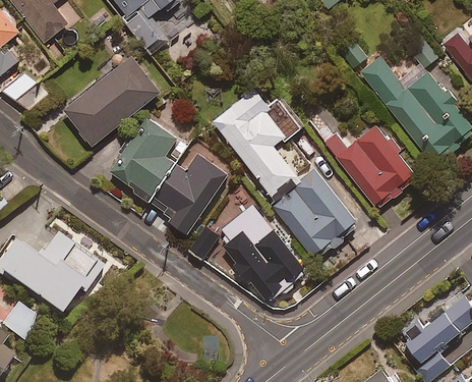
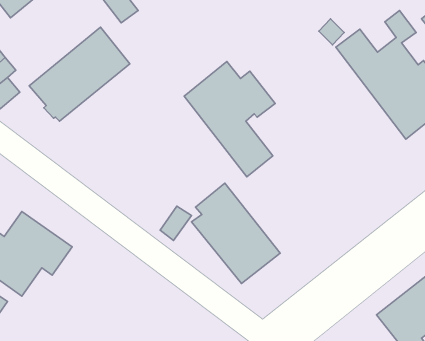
building: [112,115,176,200] -> none
building: [336,125,417,210] -> none
building: [152,146,232,233] -> none
building: [272,169,361,261] -> none

